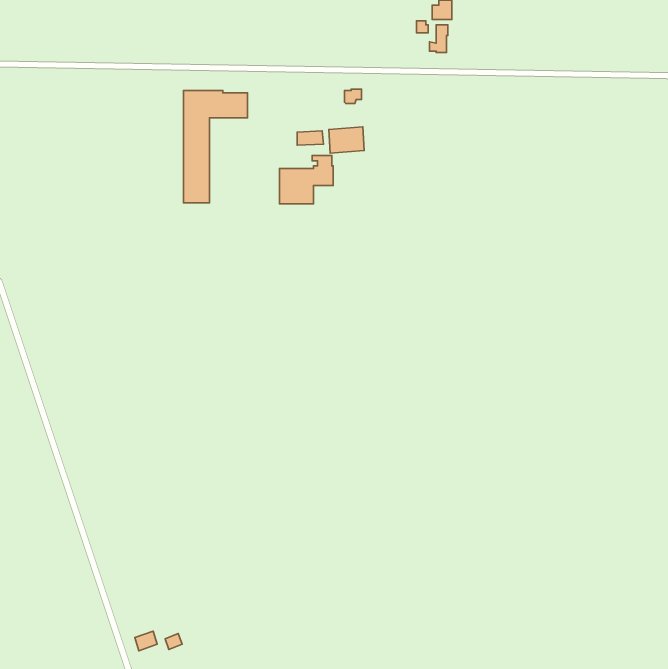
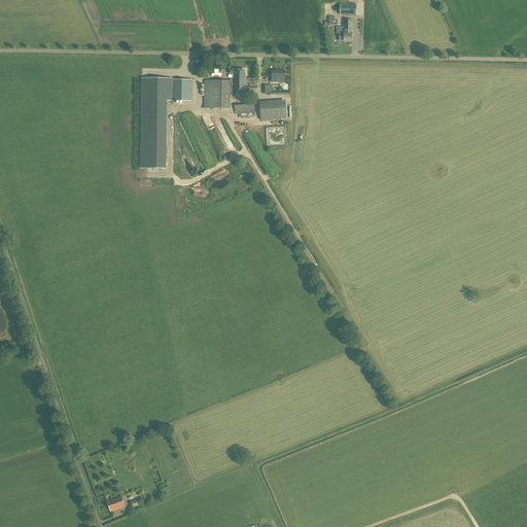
building: [280,155,333,204] -> [203,70,245,108]

